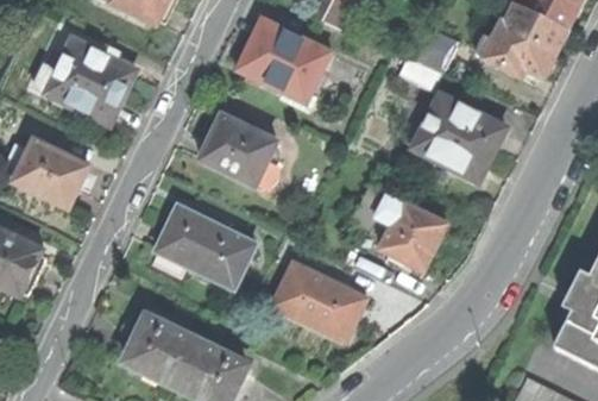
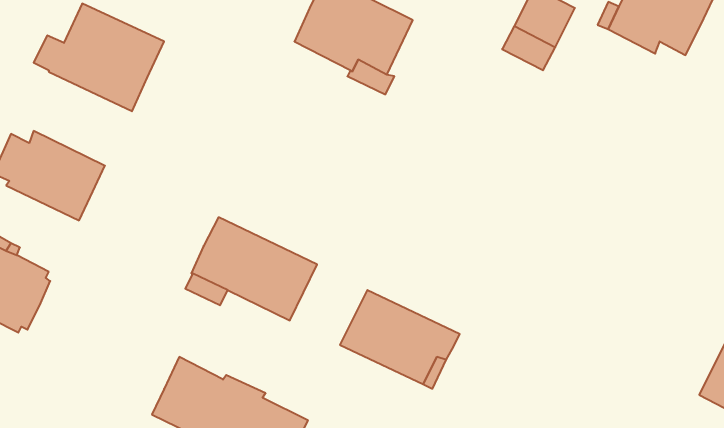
building: [413,94,504,180] -> none
building: [200,106,277,186] -> none
building: [353,184,446,269] -> none

